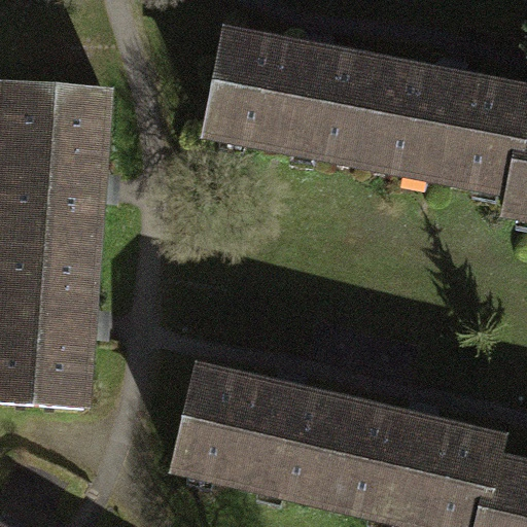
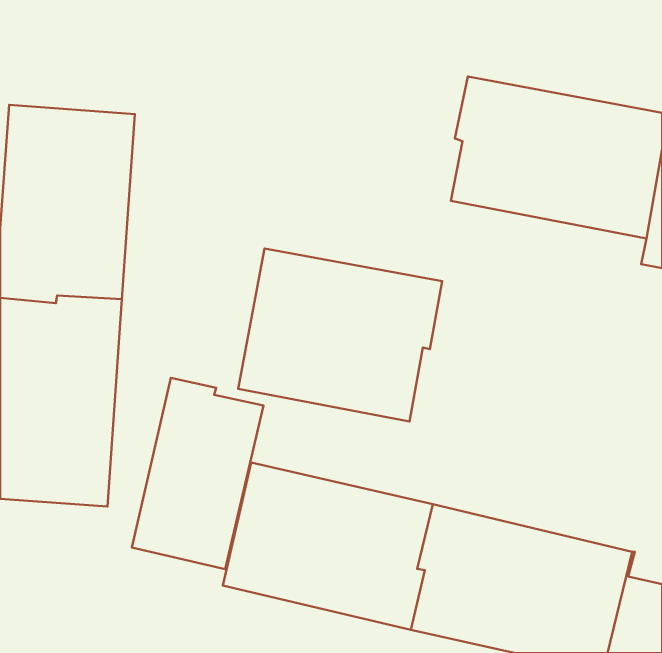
building: [209,33,372,160] -> none
building: none -> [238,248,442,421]
building: none -> [132,378,264,569]

